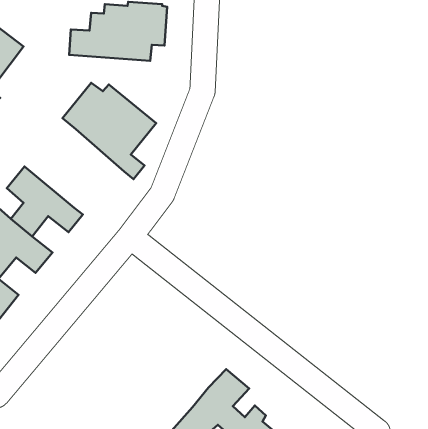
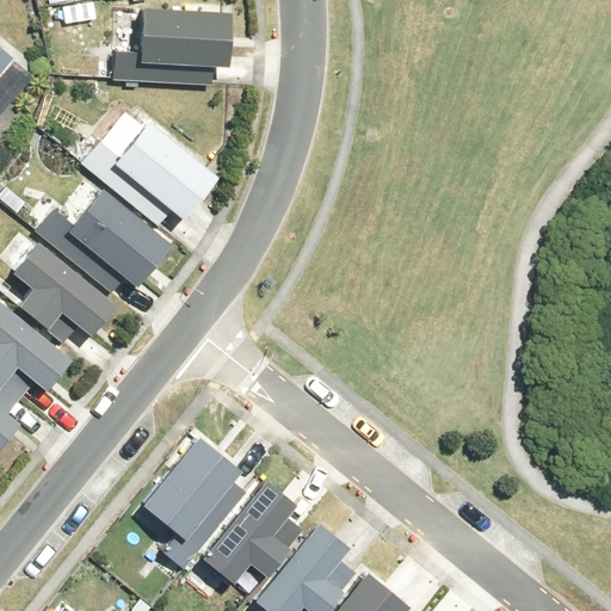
building: none -> [27,185,175,297]
building: none -> [142,440,234,567]
building: none -> [202,483,298,585]

